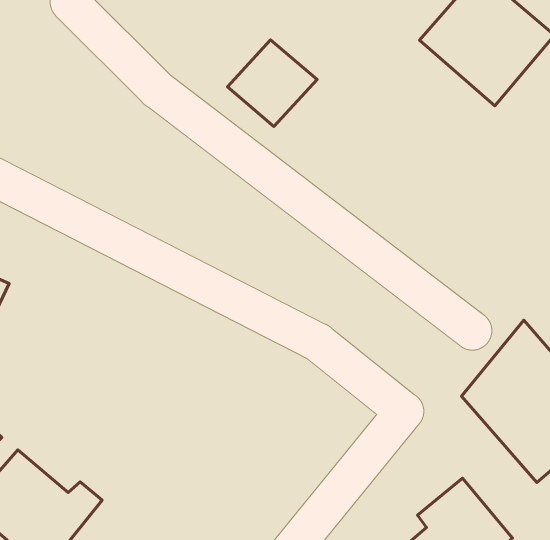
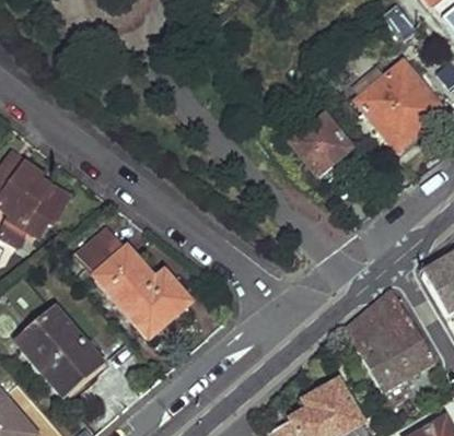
building: [227,40,317,127] -> [292,114,350,169]
building: none -> [79,233,188,341]

